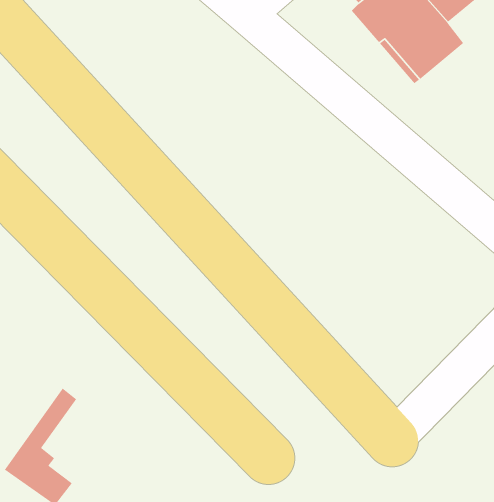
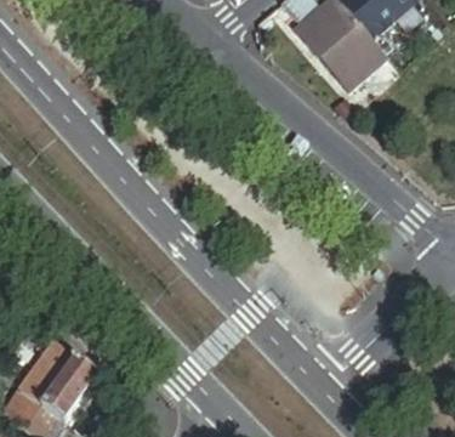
building: none -> [38,348,101,420]

